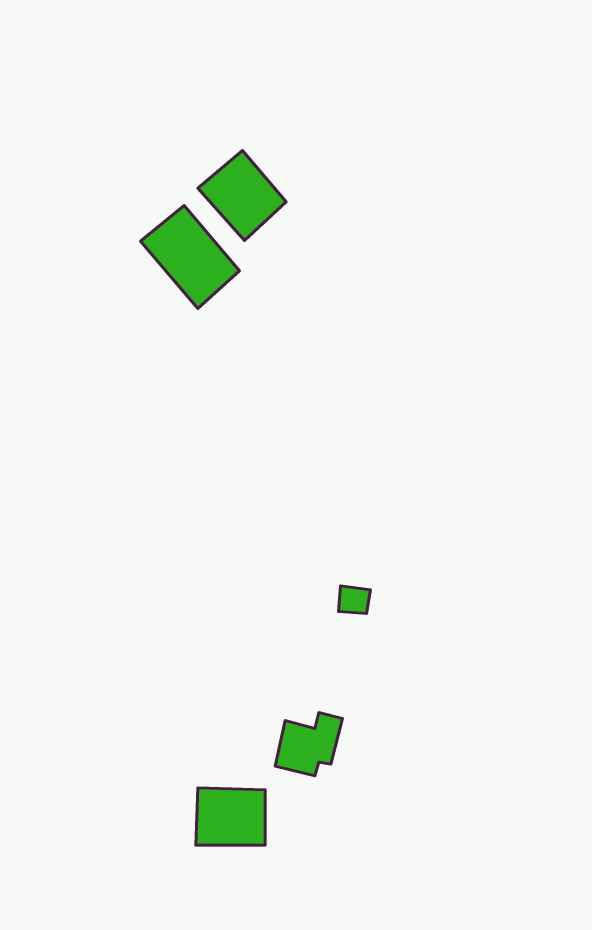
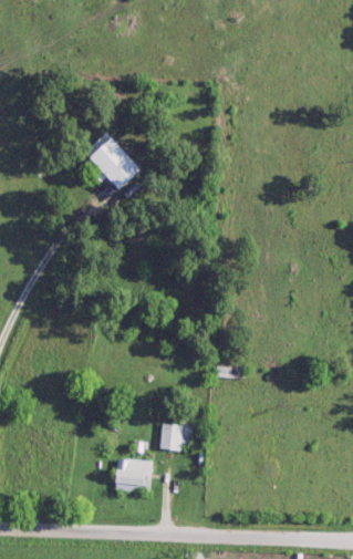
building: [198,150,286,240] -> none

